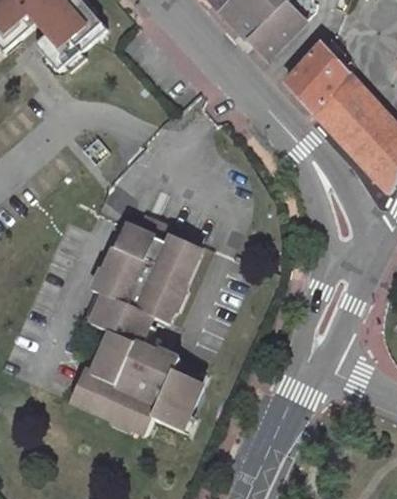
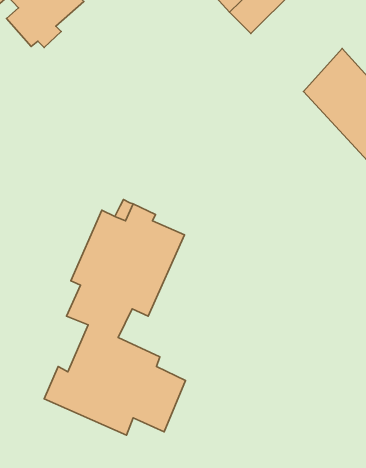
building: [285,42,349,112] -> none

